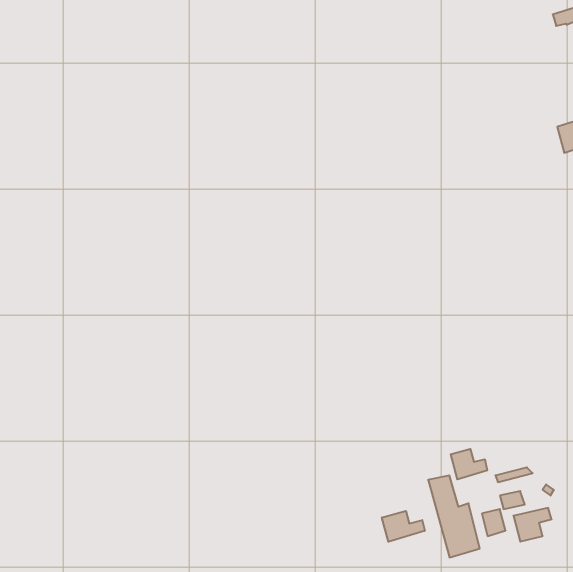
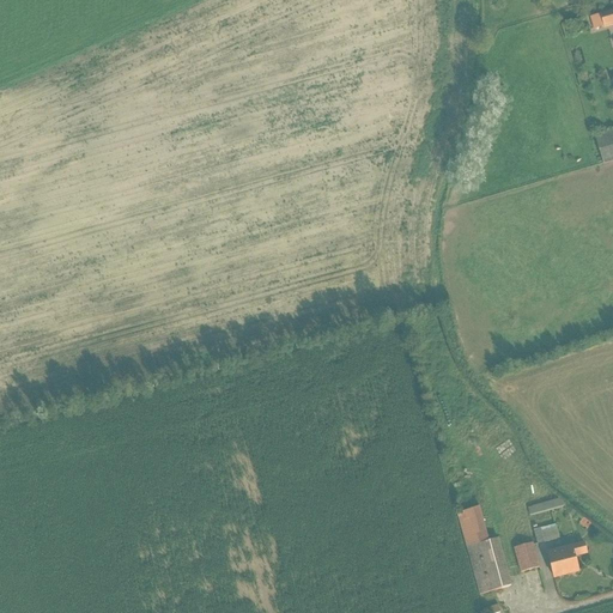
building: [451,449,487,479] -> none
building: [382,511,425,542] -> none

